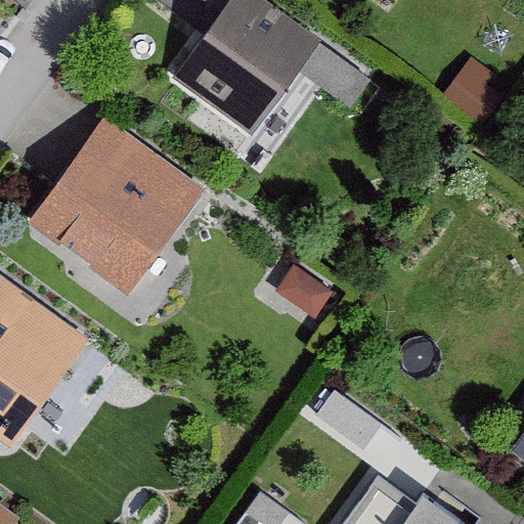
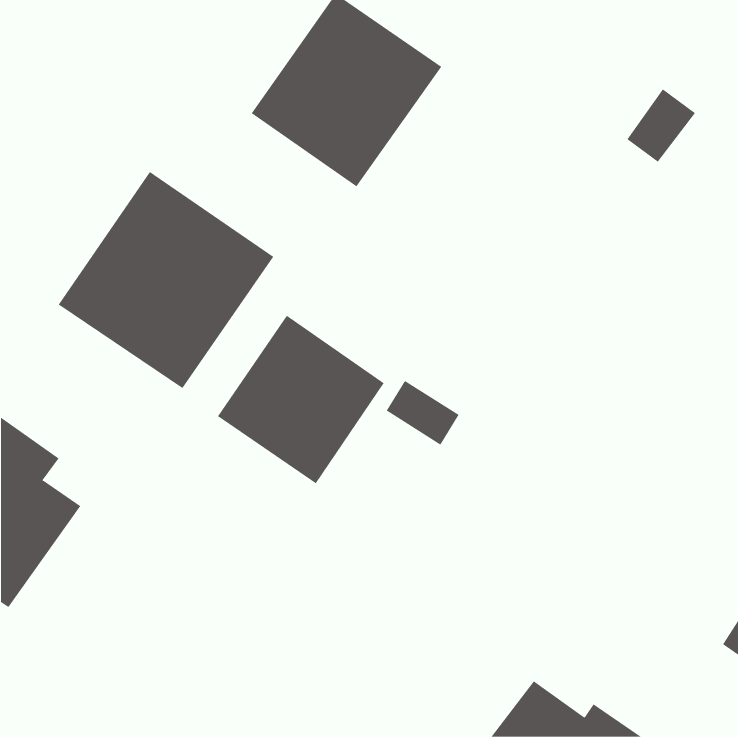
building: none -> [217,315,385,484]

